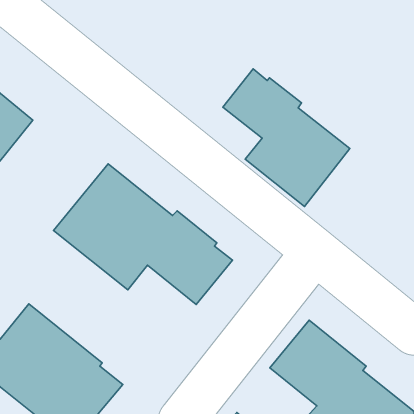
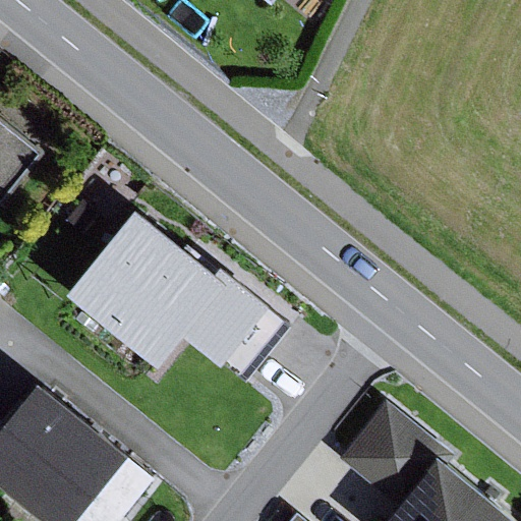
building: [223,69,350,206] -> none

